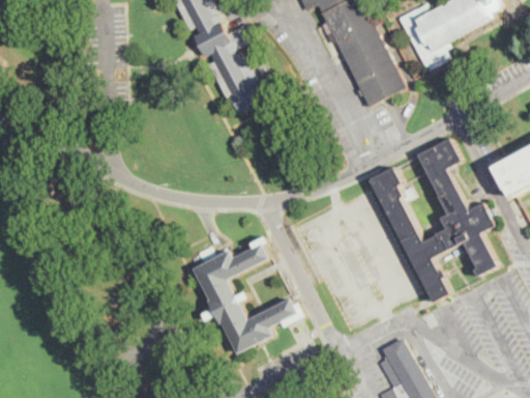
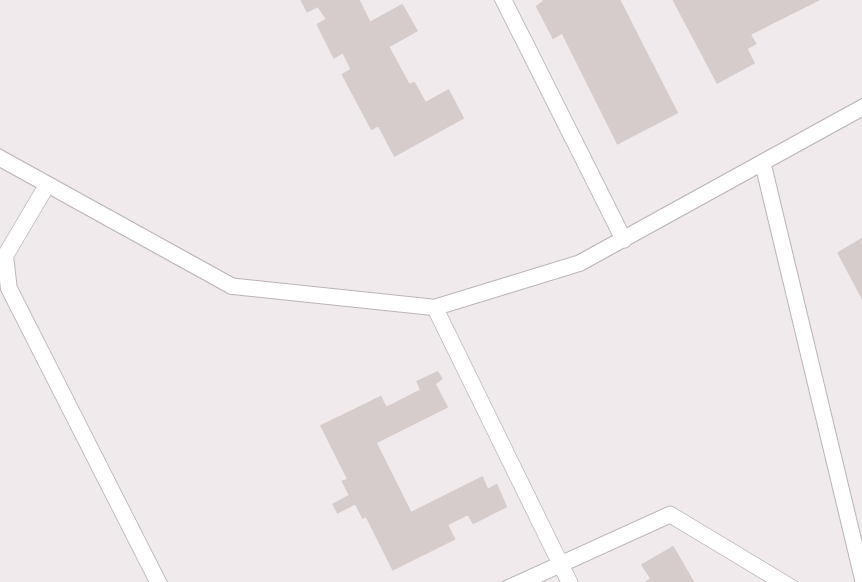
building: [373,138,498,303] -> none

